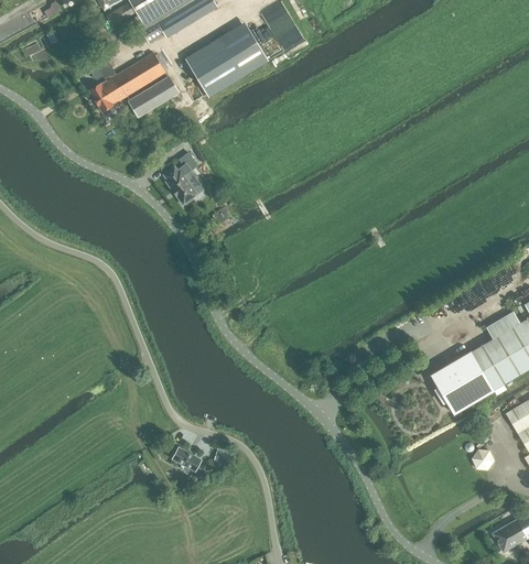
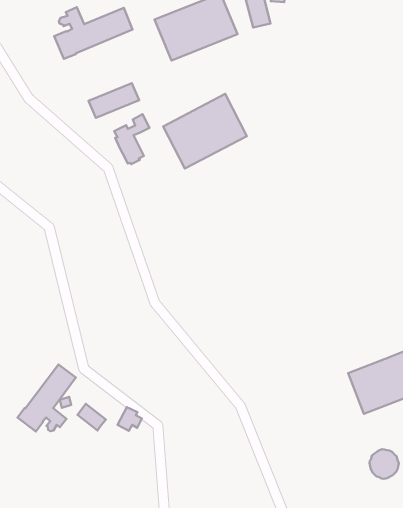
building: [130,76,180,116] -> [89,83,139,118]
building: none -> [163,94,247,169]
building: none -> [18,364,76,432]

